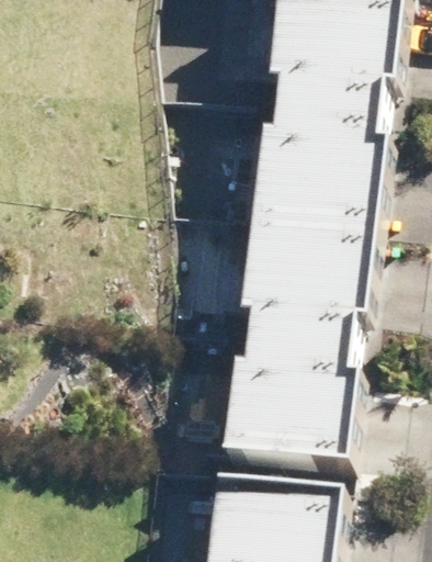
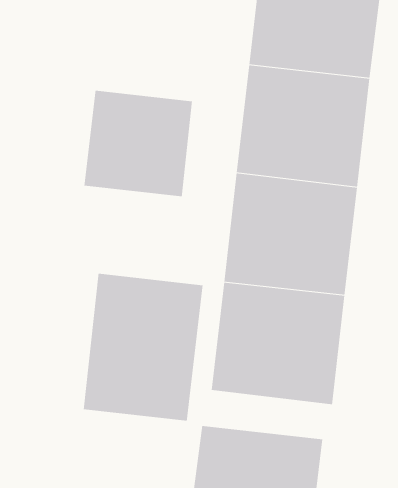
building: none -> [84,90,193,197]
building: none -> [83,273,203,422]

